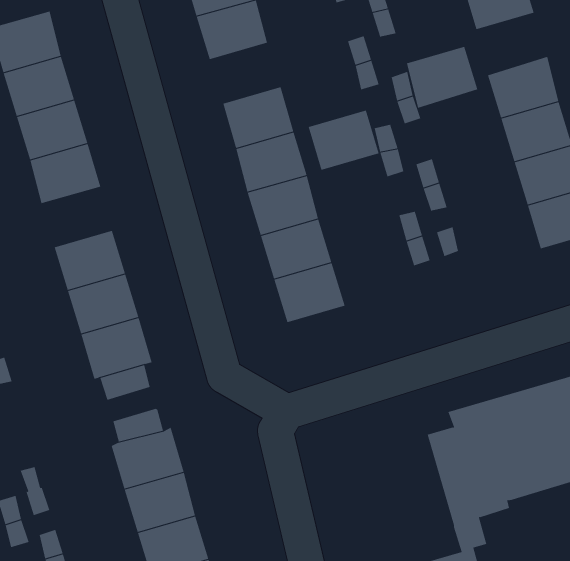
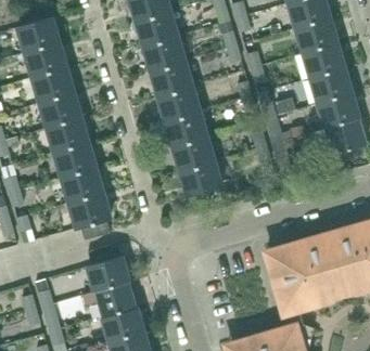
building: [406,46,478,108] -> [296,18,337,54]
building: [308,110,380,170] -> [143,36,184,70]
building: none -> [47,118,88,153]

